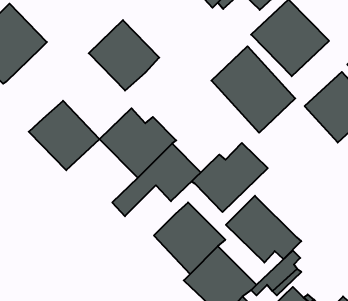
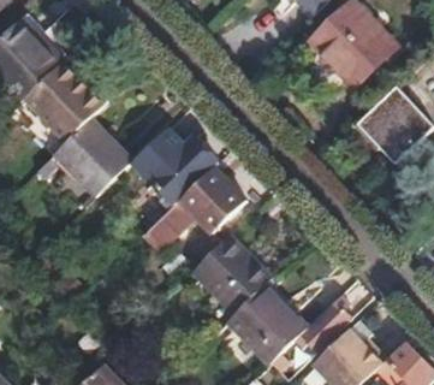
building: [89,20,159,91] -> [26,61,106,141]
building: [211,46,295,133] -> none
building: [192,143,268,212] -> none
building: [226,196,301,263] -> none

